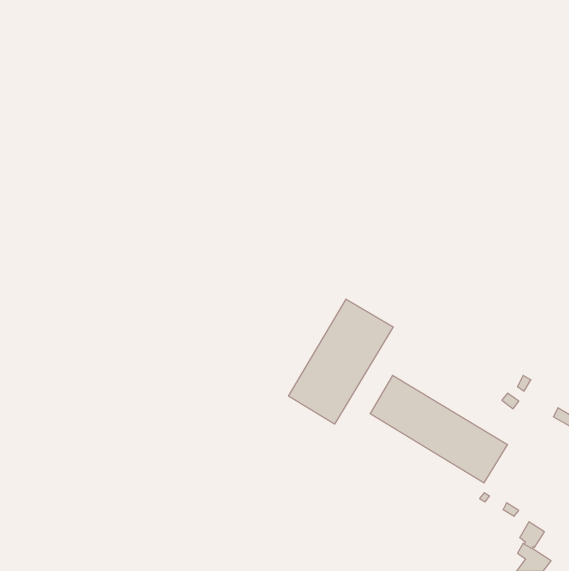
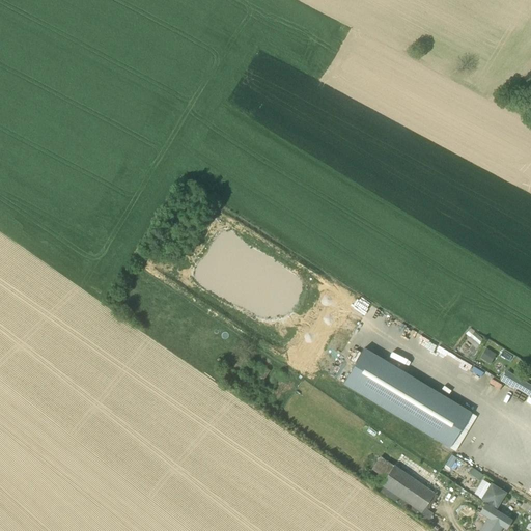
building: [289,299,393,424] -> none
building: none -> [369,457,437,522]

